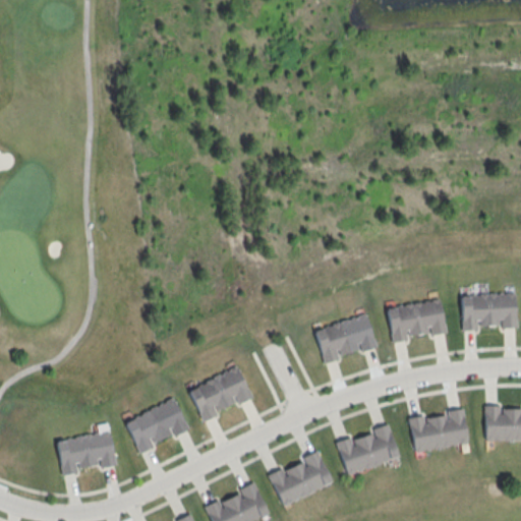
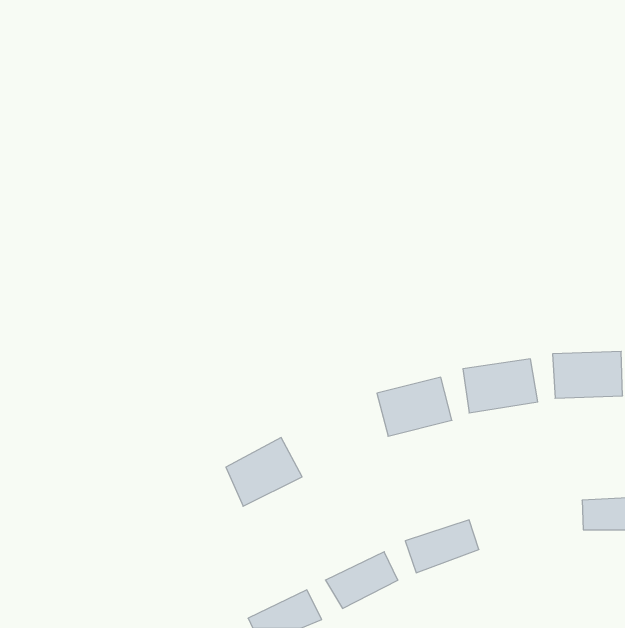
building: [124,396,189,449] -> none
building: [410,416,468,451] -> none
building: [56,429,116,473] -> none

